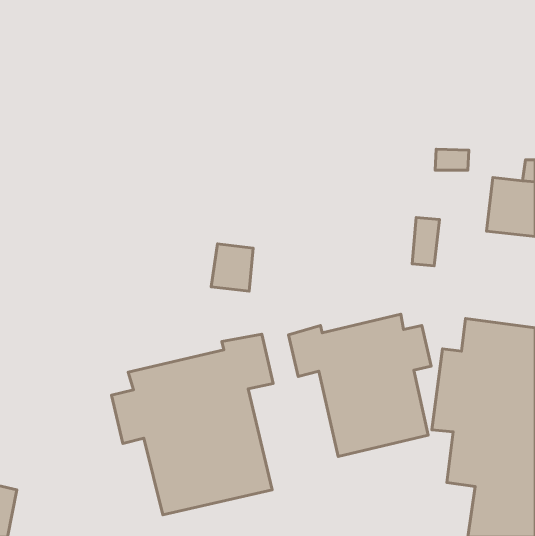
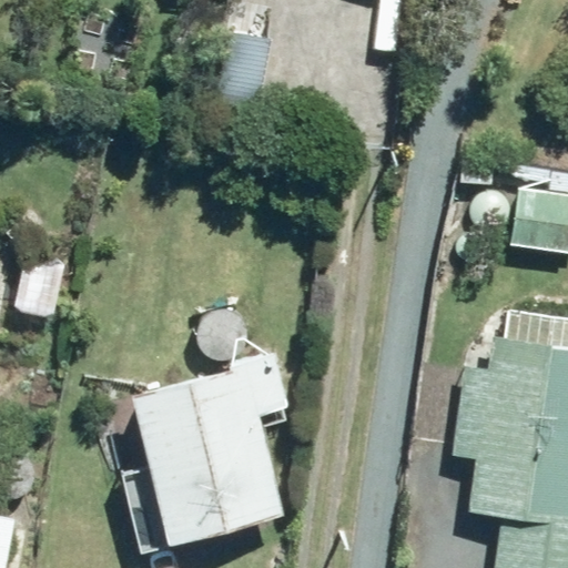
building: [288,314,431,457] -> none

